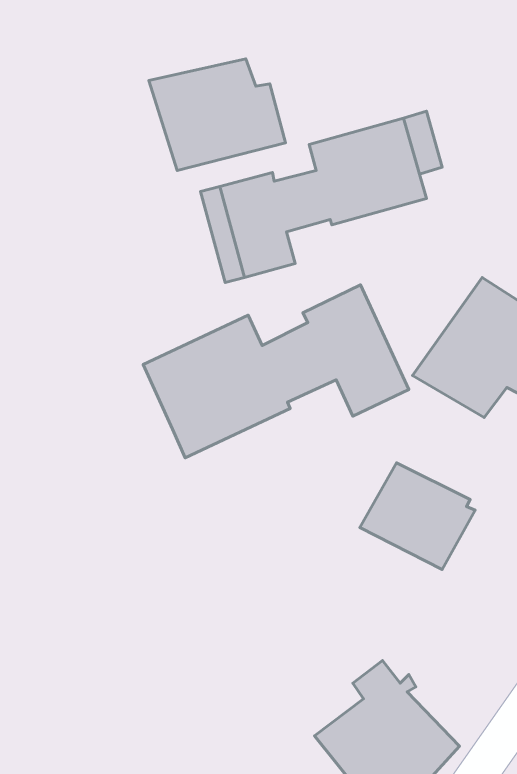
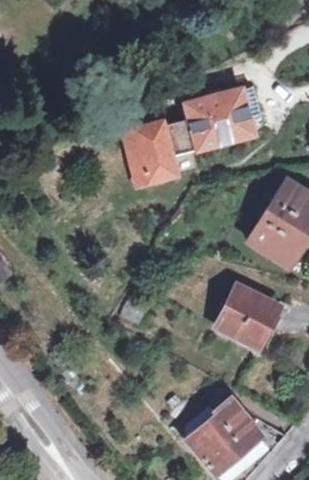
building: [149,59,286,170] -> none
building: [143,285,409,458] -> none

